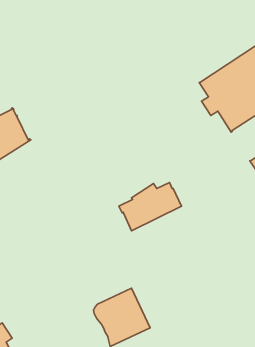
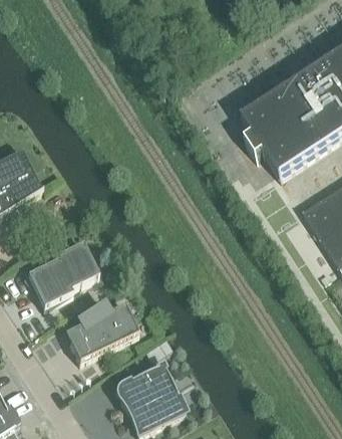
building: [119,183,181,231] -> [65,301,139,359]
building: none -> [28,240,99,304]

